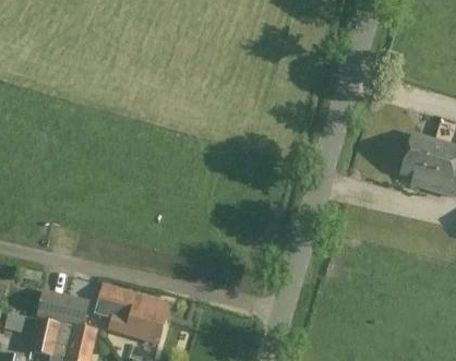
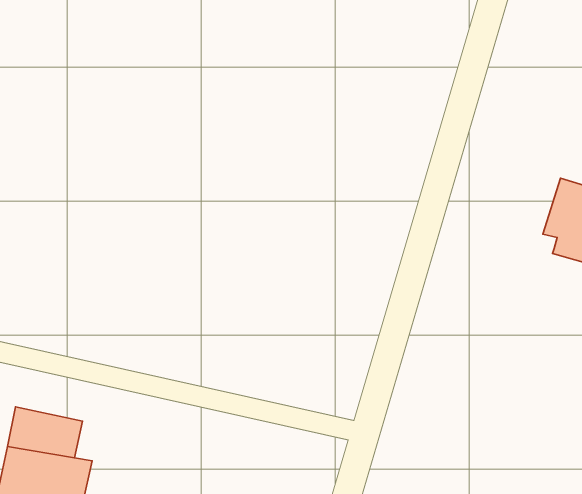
building: [96,284,168,342] -> none

